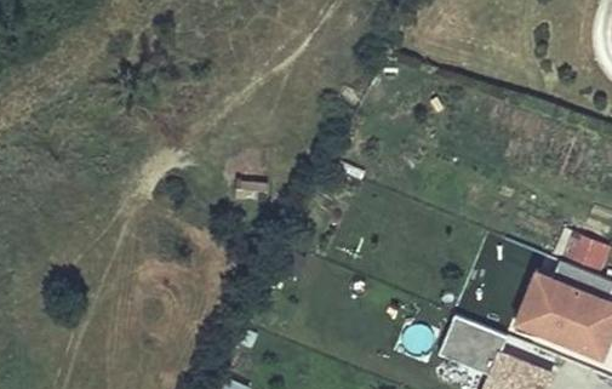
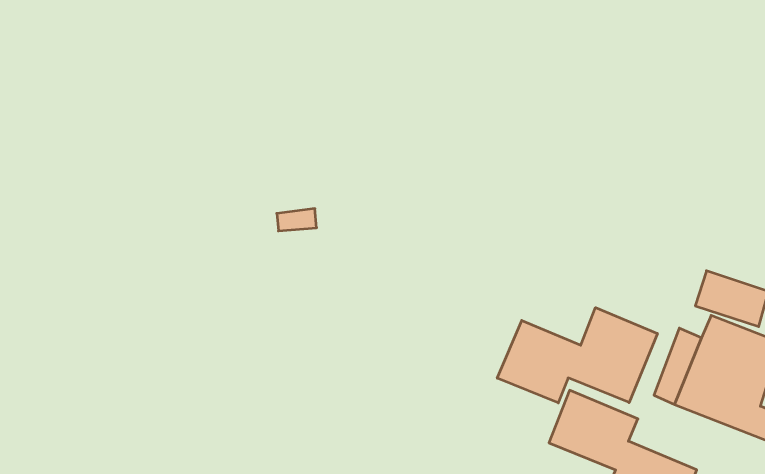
building: none -> [497,308,657,403]

